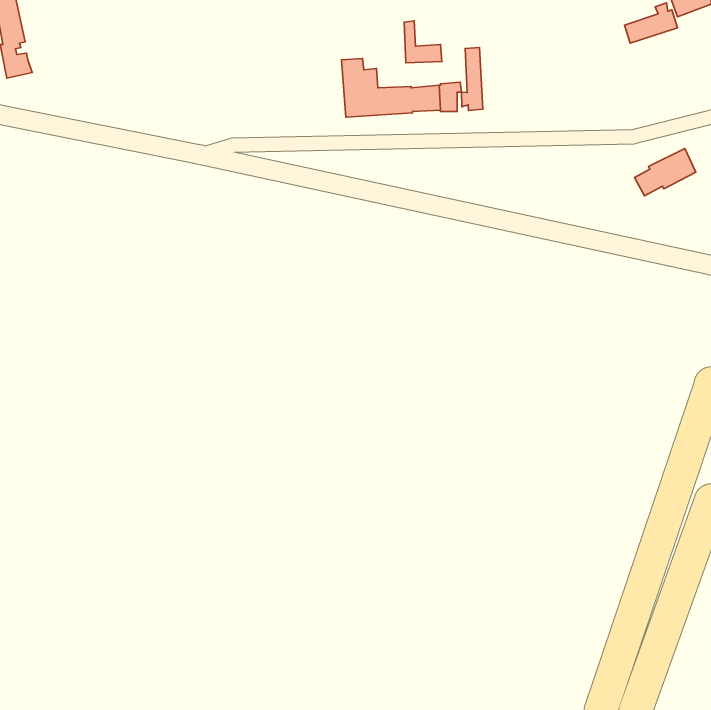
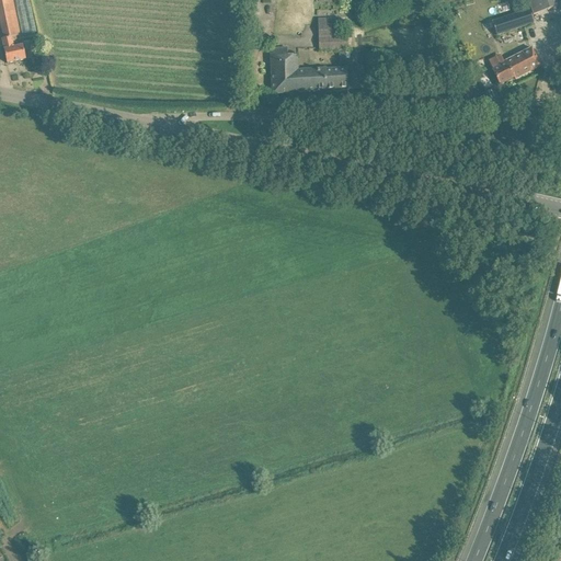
building: [461,48,483,110] -> none
building: [635,148,696,196] -> [491,46,539,83]

